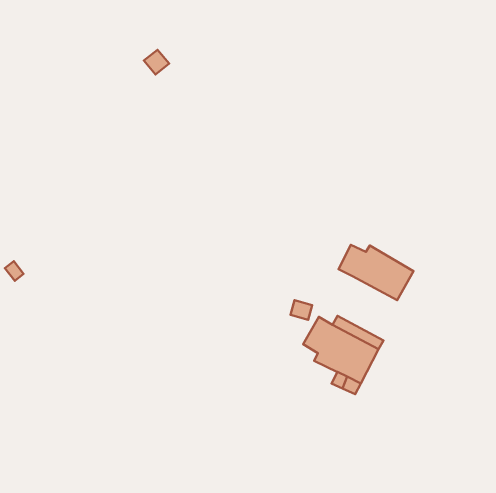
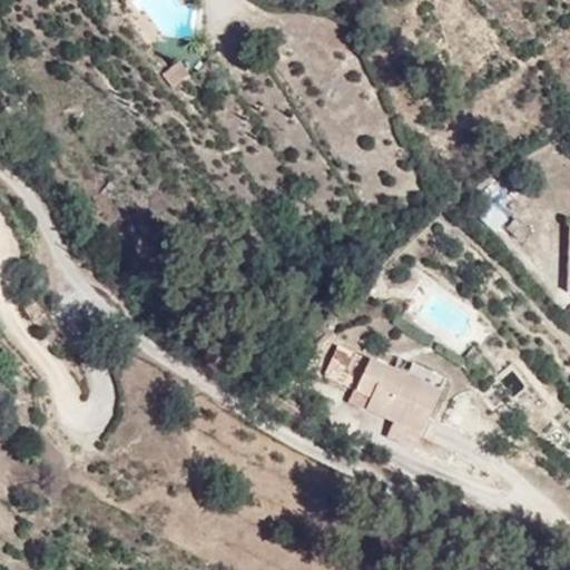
building: [339,245,413,300] -> none

